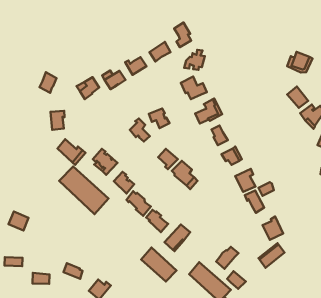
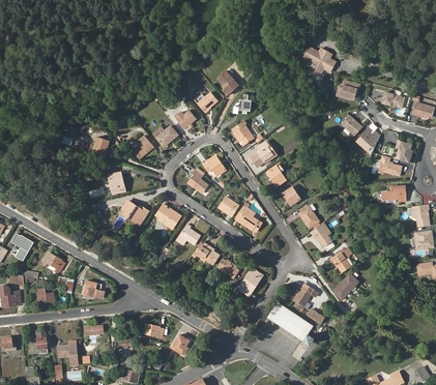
building: none -> [300,49,332,72]
building: [59,167,108,214] -> none
building: [141,247,176,282] -> none

